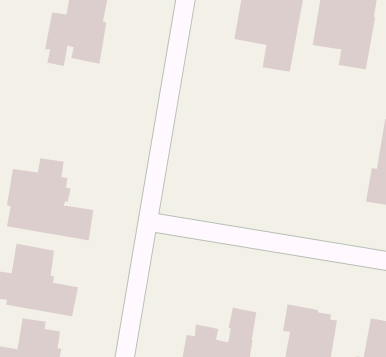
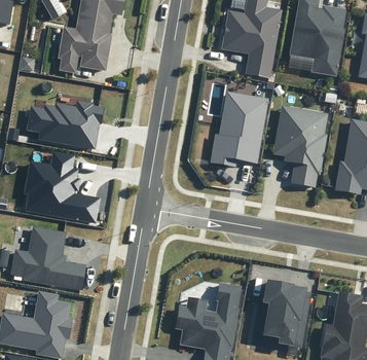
building: none -> [209,92,267,168]
building: none -> [25,100,103,149]
building: none -> [271,105,328,187]

